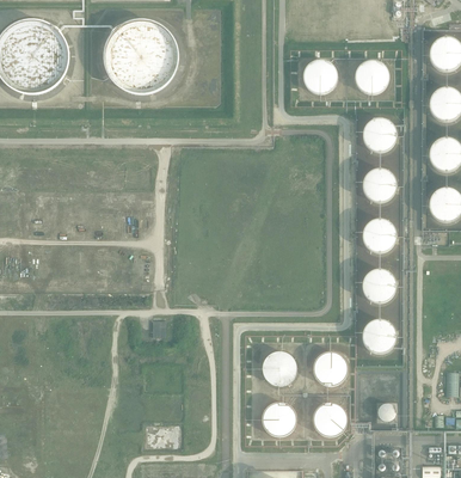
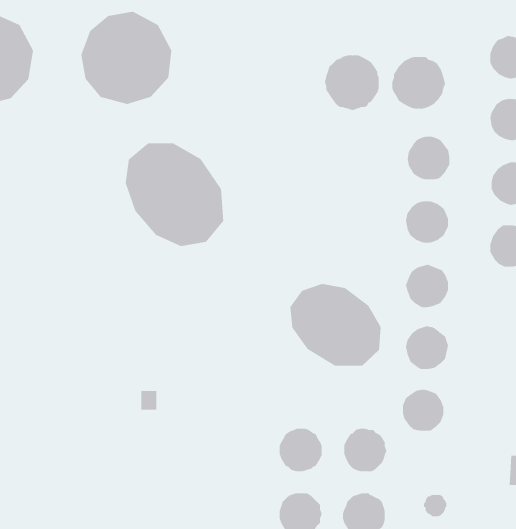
building: none -> [125,142,224,247]
building: none -> [290,283,381,367]

